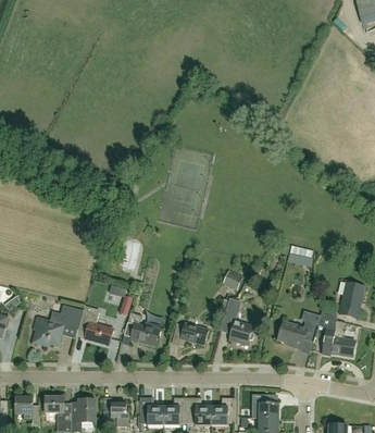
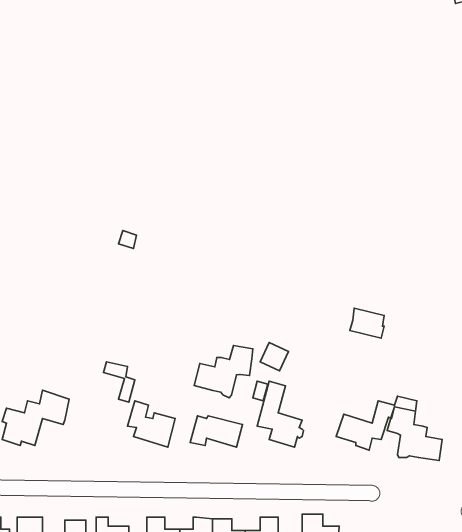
building: none -> [194,346,253,398]
building: [338,282,364,318] -> none
building: [79,306,112,345] -> none

